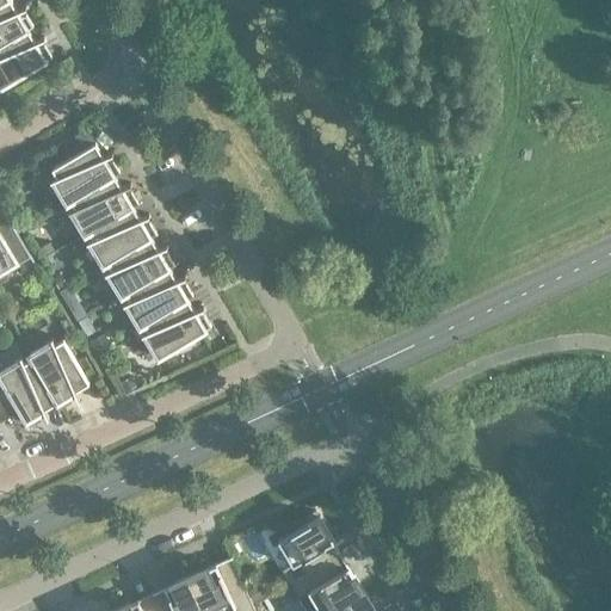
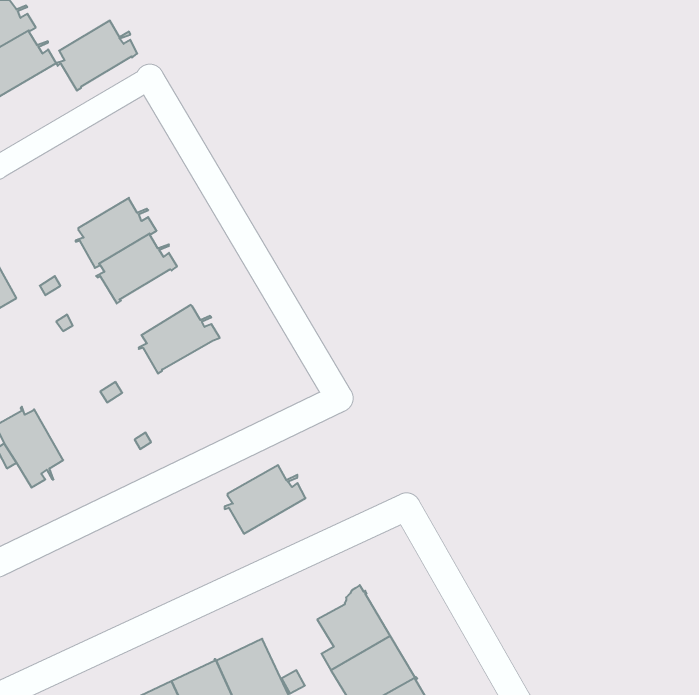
building: [47,147,117,208] -> [56,21,137,91]
building: [101,240,172,300] -> none
building: [138,302,209,362] -> [225,465,306,534]
building: [26,341,87,412] -> none

